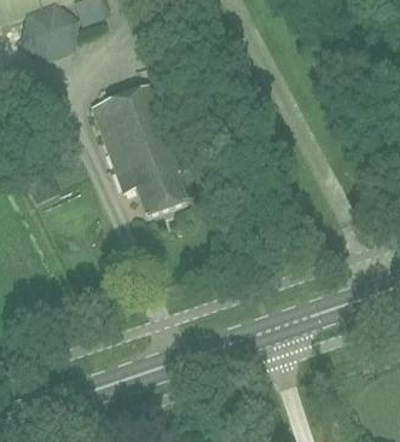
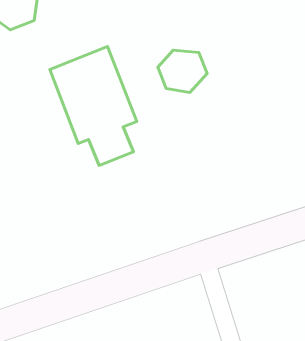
building: none -> [158,50,207,93]

